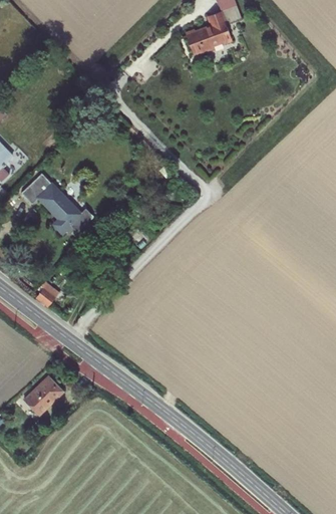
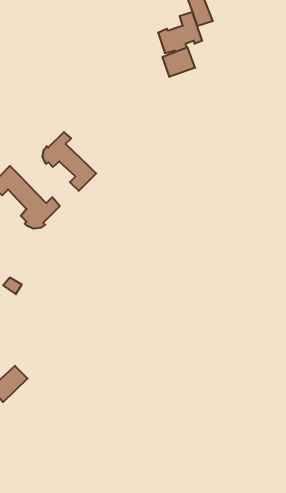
building: none -> [163,47,195,77]
building: none -> [43,132,96,191]

